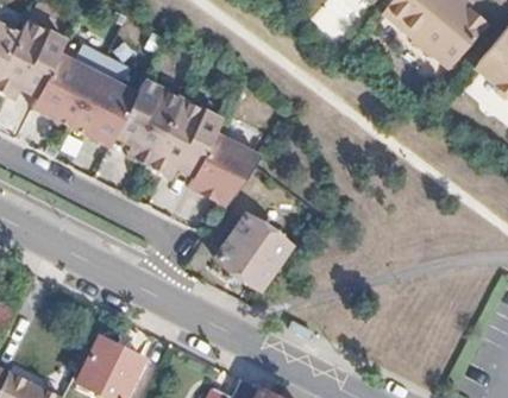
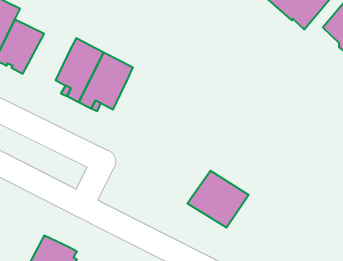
building: [71,68,136,140] -> none
building: [187,126,259,200] -> none
building: [209,215,291,291] -> [187,171,249,228]

